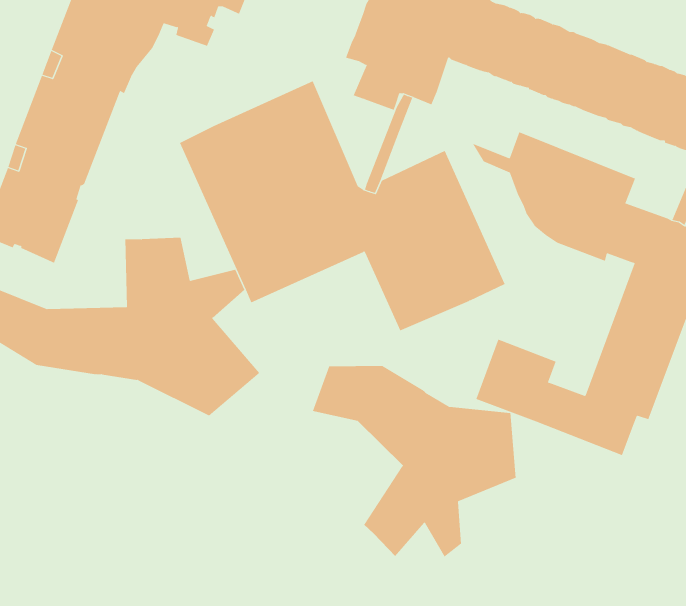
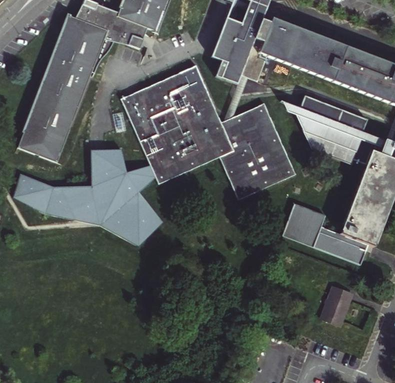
building: [312,365,516,557] -> none
building: none -> [319,284,349,324]

